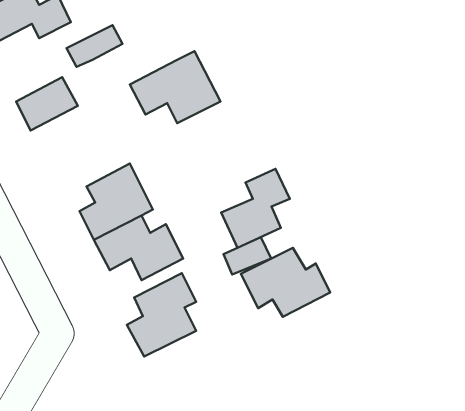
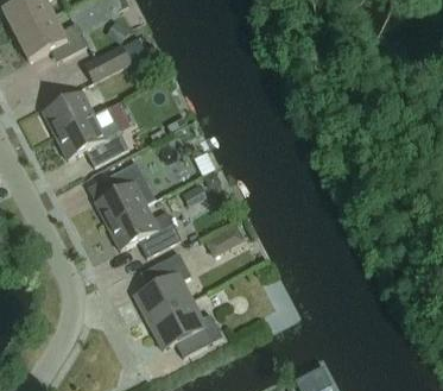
building: [130,51,220,123] -> [55,107,129,166]
building: [221,169,290,248] -> none
building: [241,248,330,317] -> [148,299,222,357]

